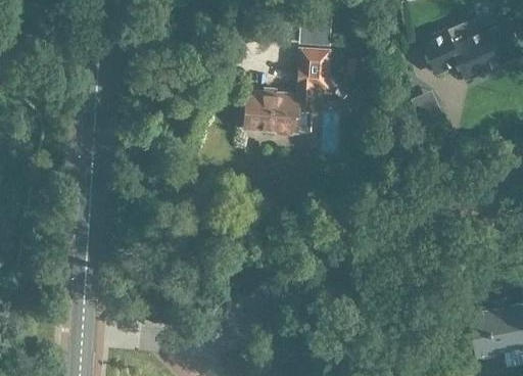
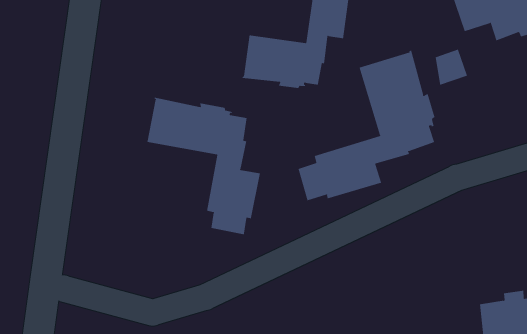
building: none -> [298,50,435,201]
building: none -> [147,97,260,235]

